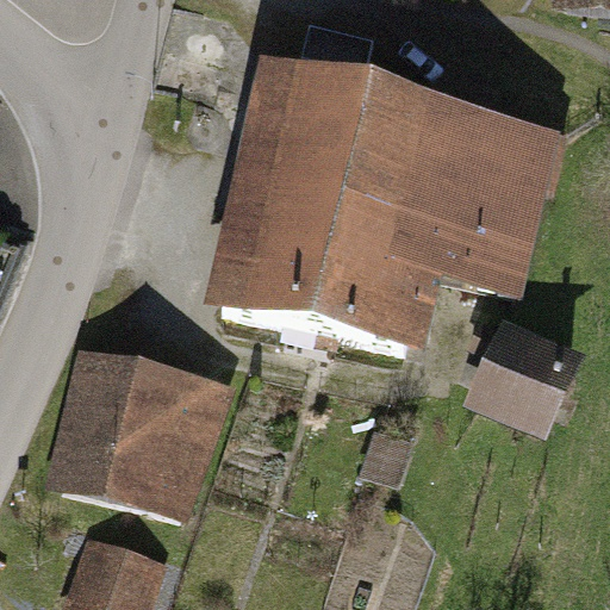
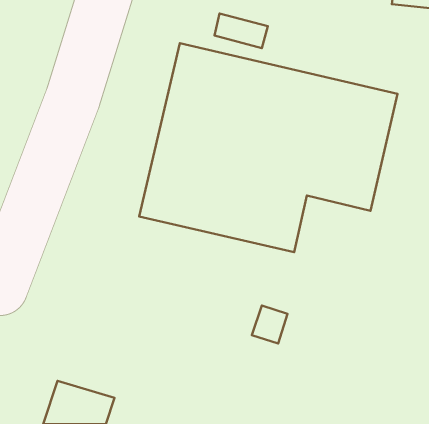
building: [465,316,584,437] -> none
building: [45,346,225,523] -> none

